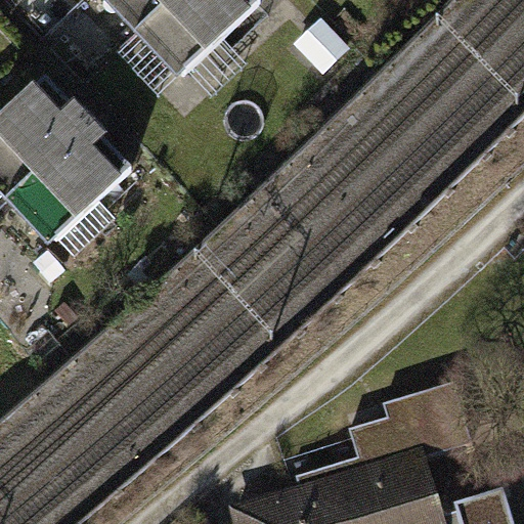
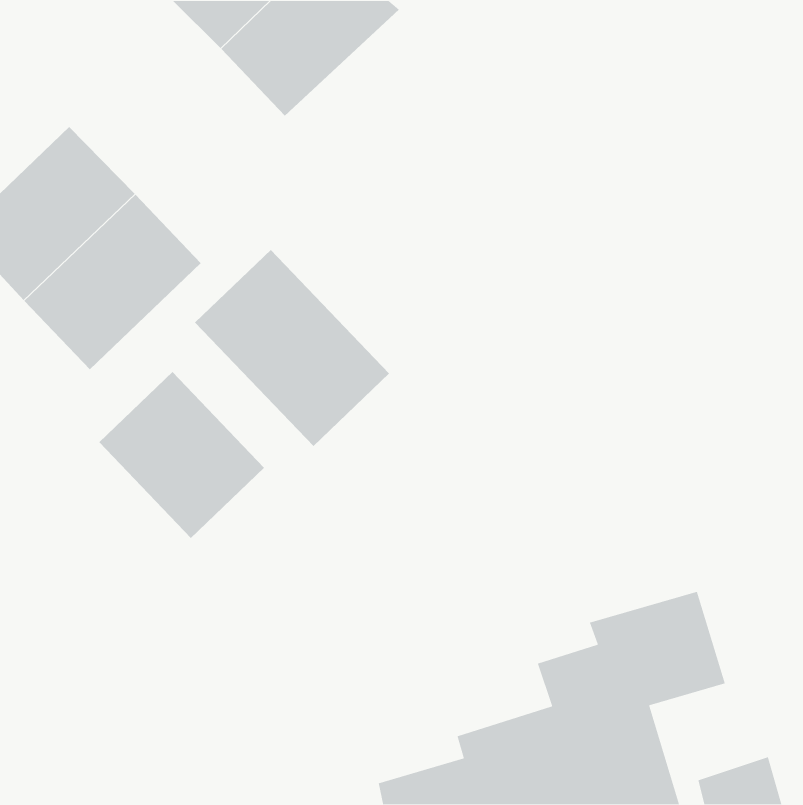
building: none -> [194,249,390,447]
building: none -> [98,371,265,539]

